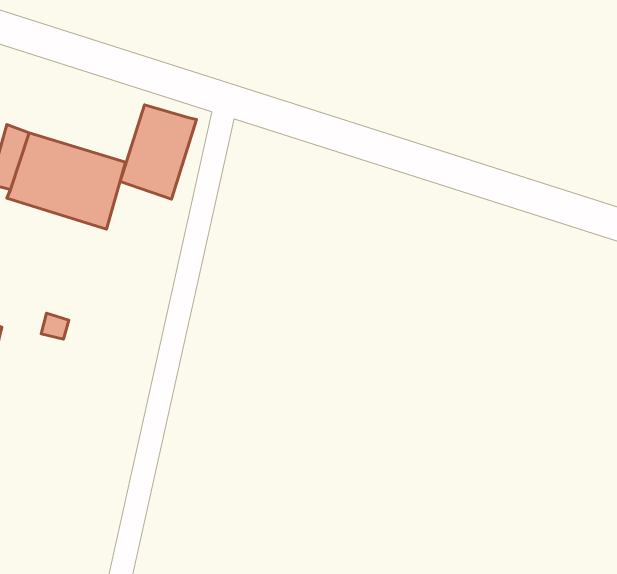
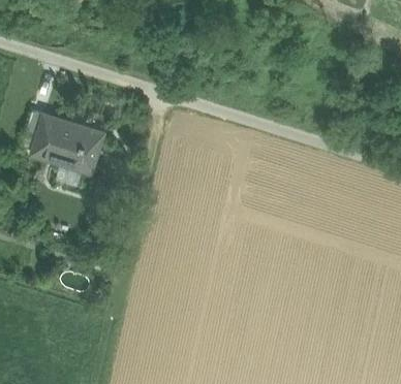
building: [120,105,196,199] -> none

